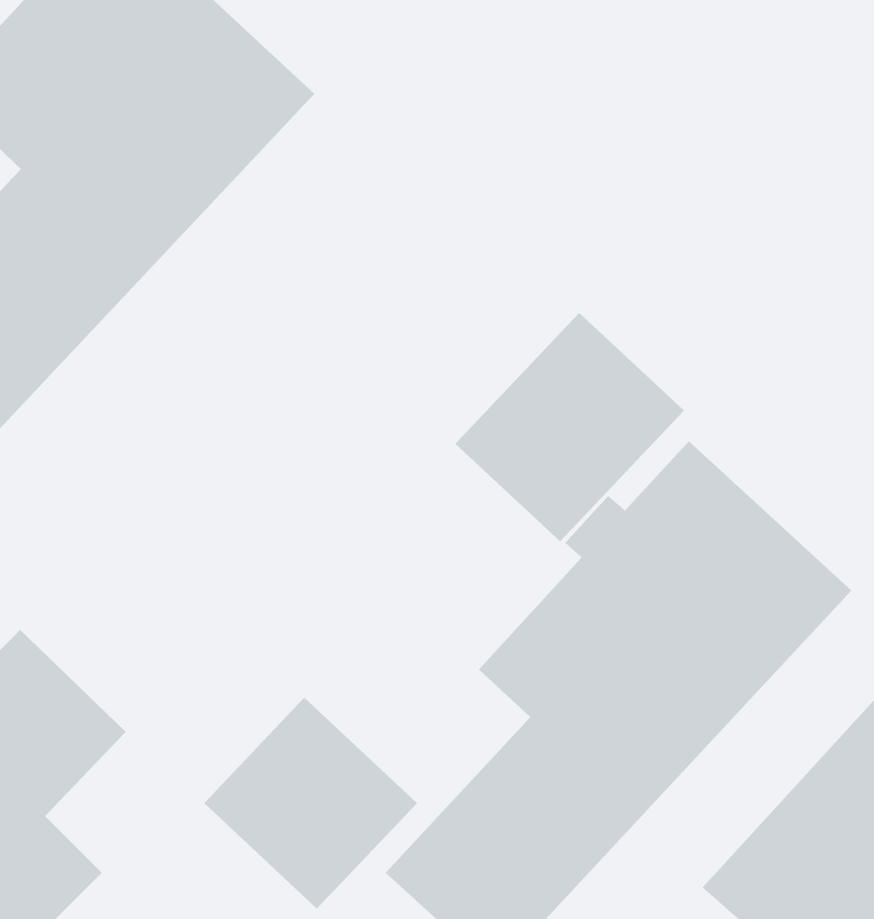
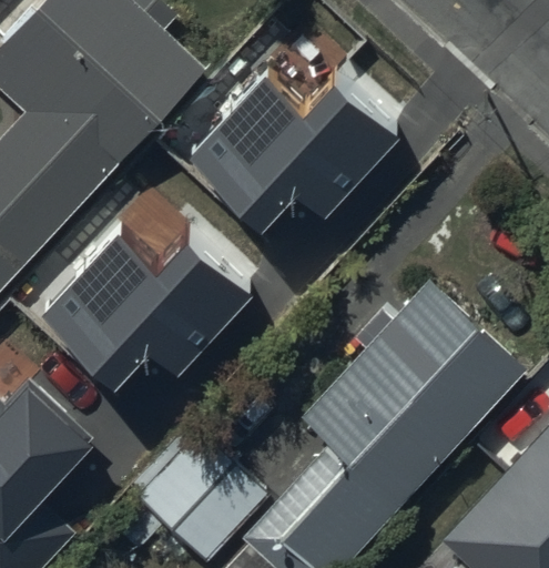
building: none -> [186,70,405,233]
building: [455,312,685,542] -> none
building: none -> [39,232,256,389]

